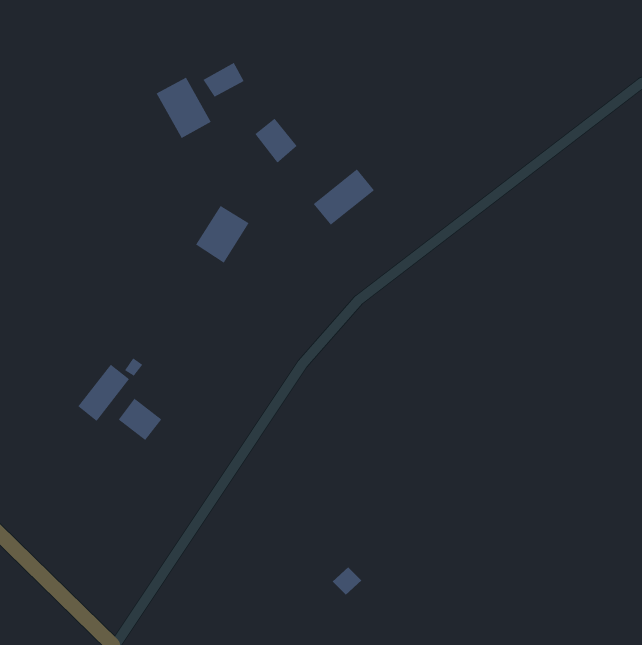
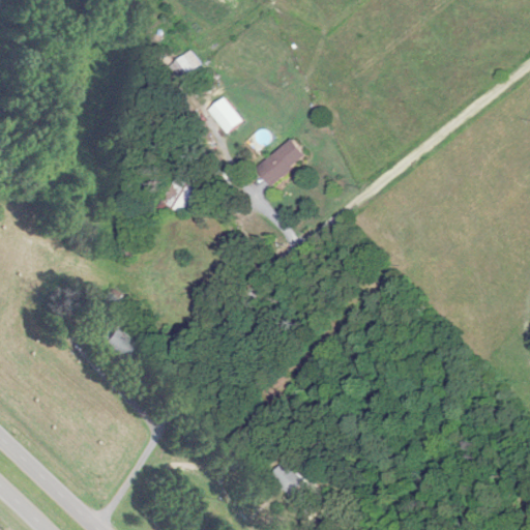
building: [156,77,212,139] -> none
building: [78,364,130,422] -> none

